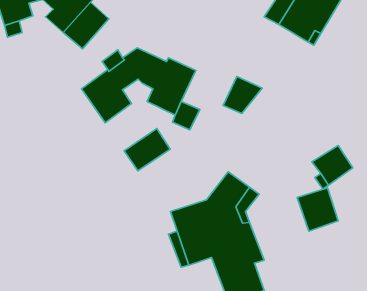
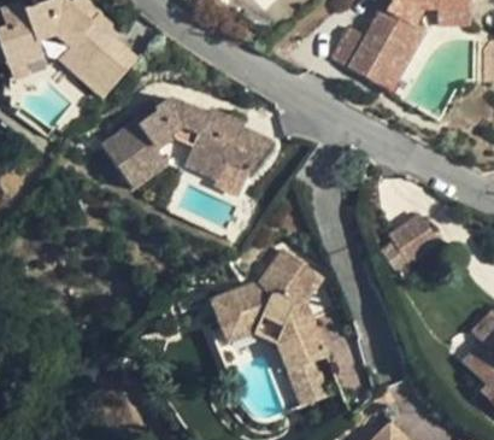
building: [223,76,262,113] -> [227,125,275,171]
building: [124,128,170,171] -> none
building: [297,188,338,231] -> none

